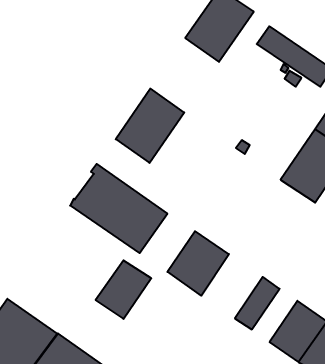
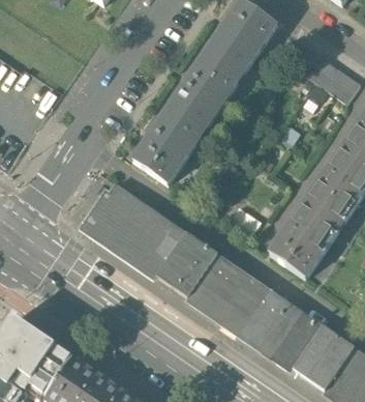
building: none -> [170,50,241,127]
building: none -> [270,198,341,275]
building: none -> [222,276,286,343]
building: [96,260,151,319] -> [158,233,216,294]
building: none -> [275,312,323,368]

